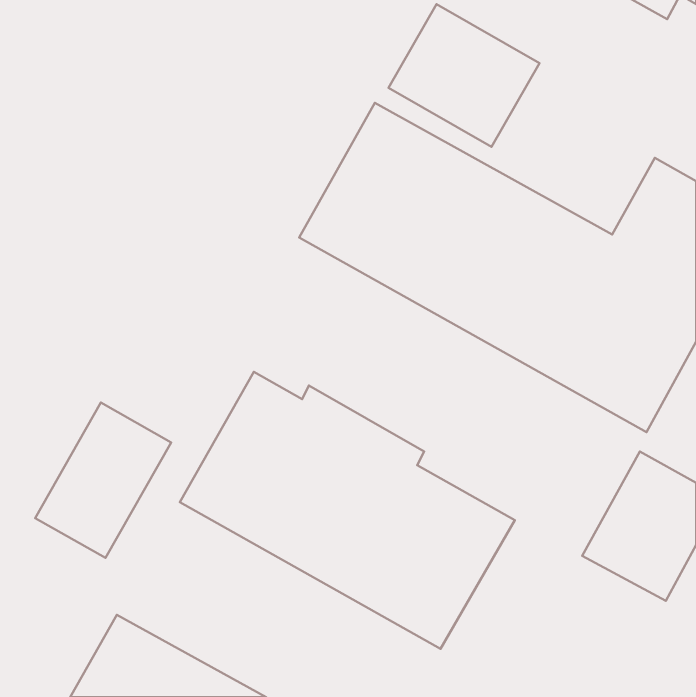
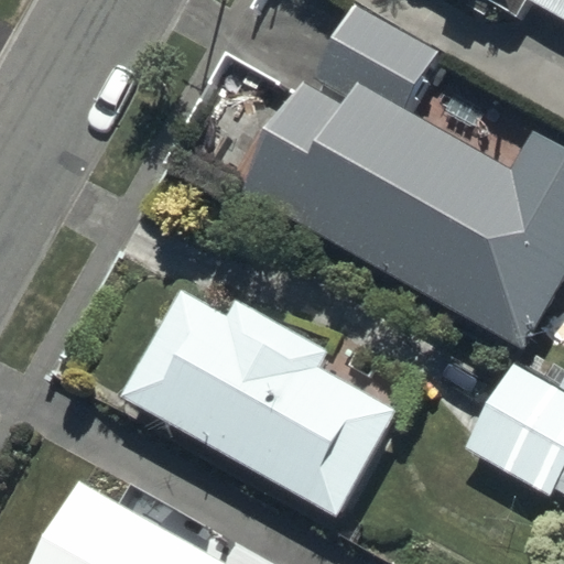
building: [35,403,171,558] -> none

